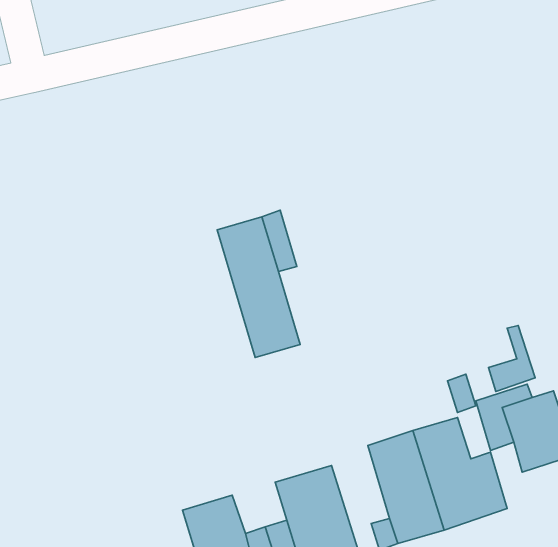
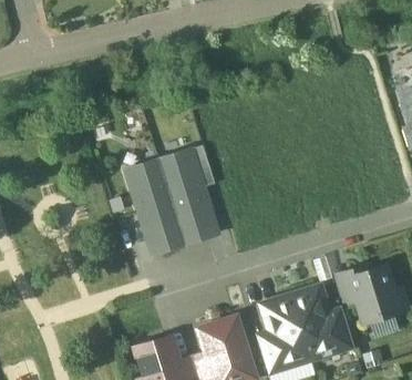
building: none -> [126,160,186,255]
building: [489,325,535,392] -> none

